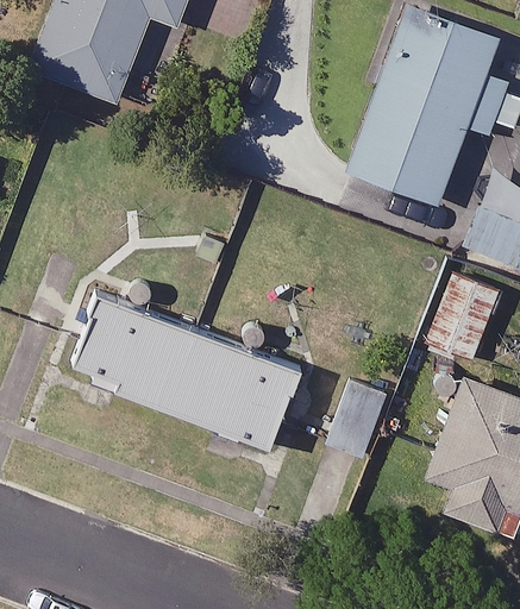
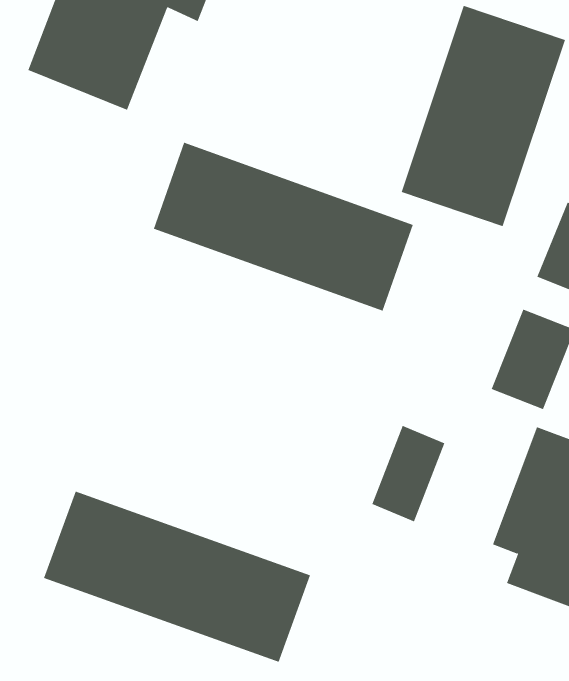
building: none -> [153,142,414,312]
building: [65,297,295,445] -> [43,491,311,663]

